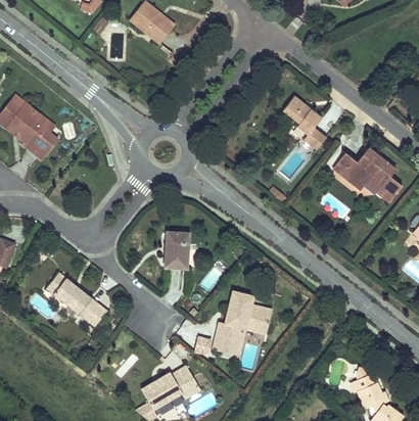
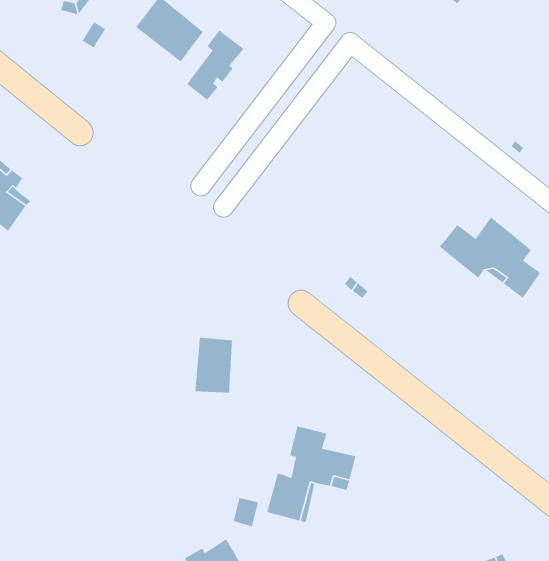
building: none -> [186,29,244,101]
building: [281,97,324,150] -> none
building: [47,272,108,327] -> none

